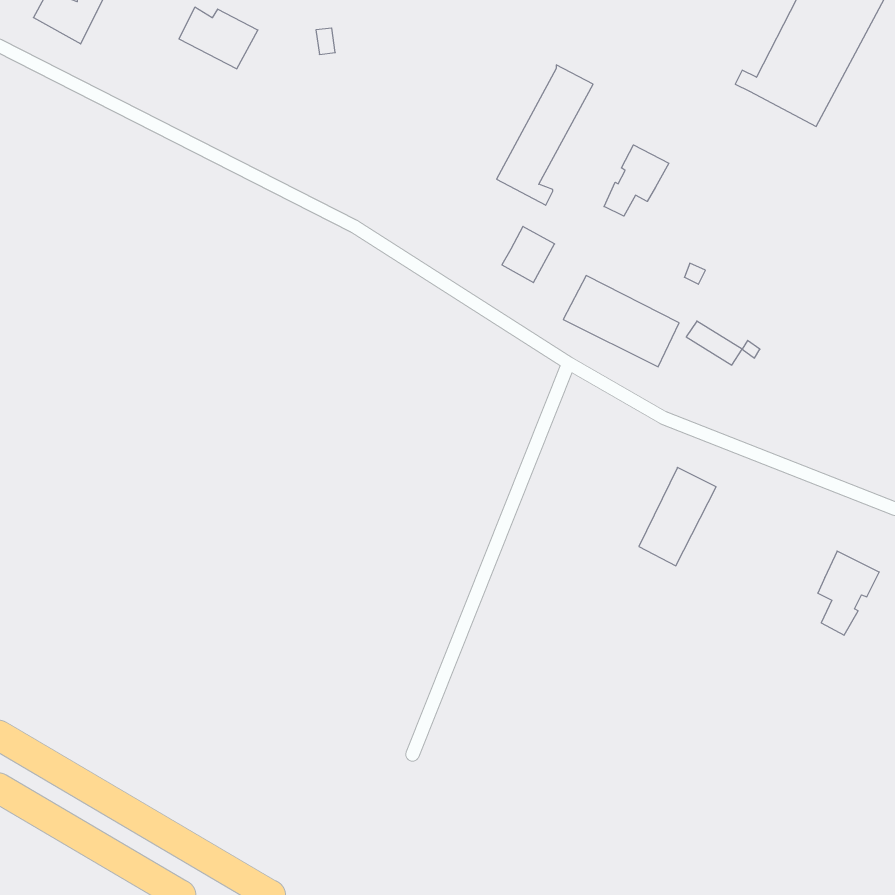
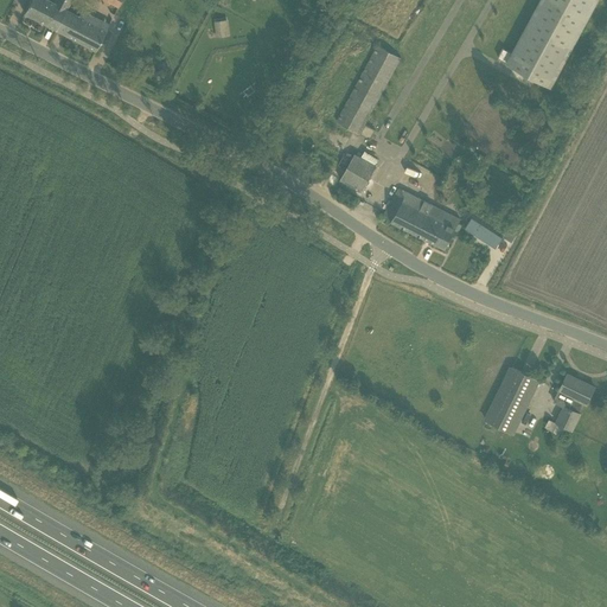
building: [179,7,258,69] -> [55,8,108,50]
building: [604,145,669,216] -> none
building: [639,467,716,566] -> [485,366,537,433]

